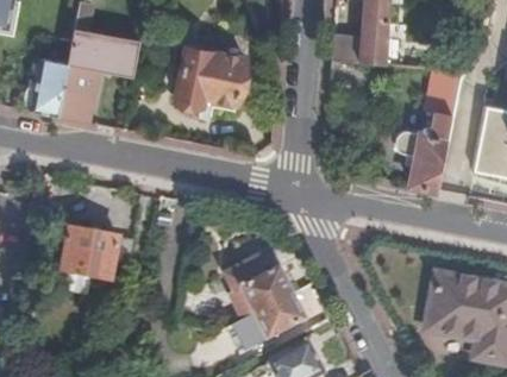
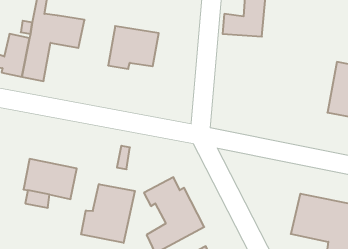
building: [395,63,461,187] -> none
building: none -> [81,184,135,243]

